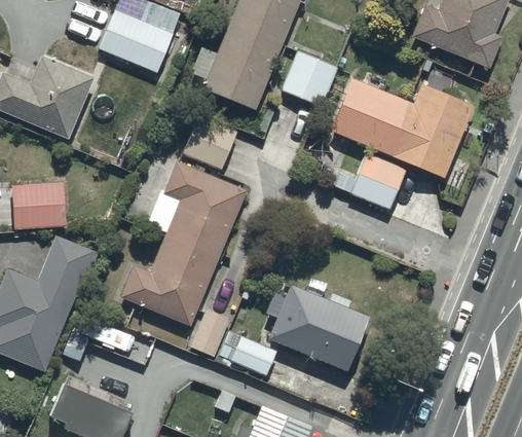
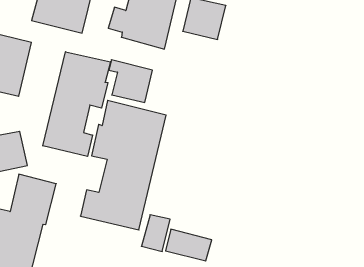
building: [329,76,476,178] -> none
building: none -> [43,52,110,156]
building: [331,152,408,212] -> none
building: [266,285,369,369] -> none

